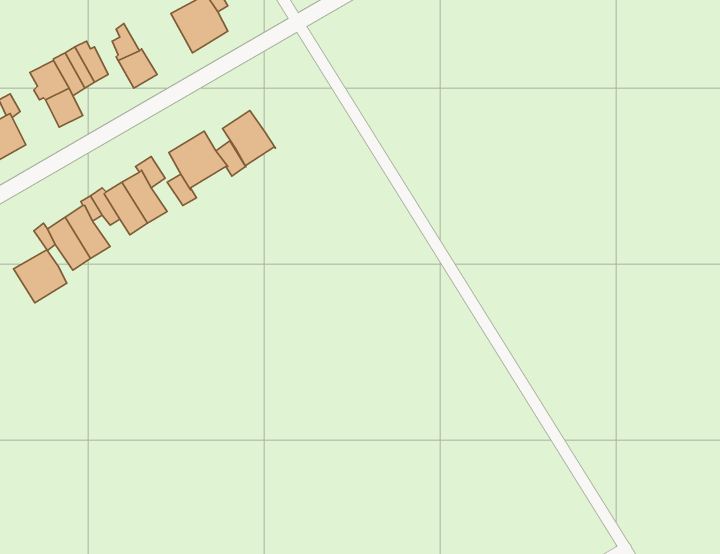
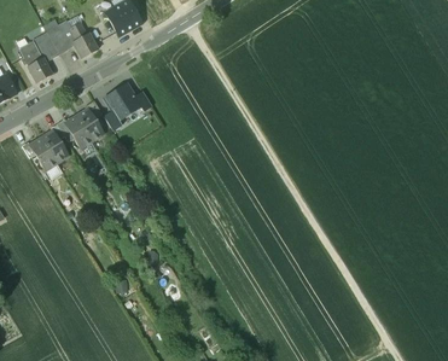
building: [222,110,275,167] -> none
building: [13,250,67,303] -> none

